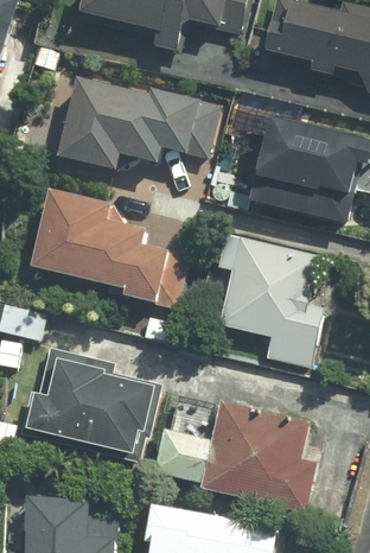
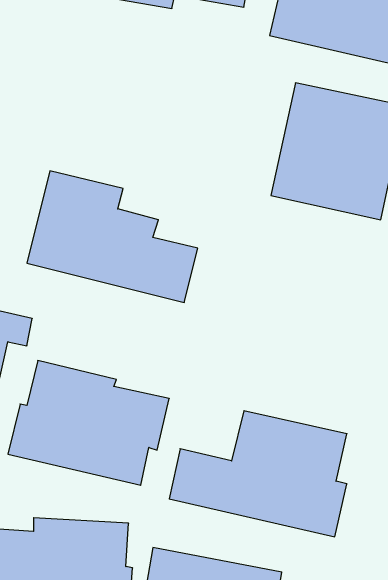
building: [64,77,212,166] -> none
building: [219,236,324,370] -> none

